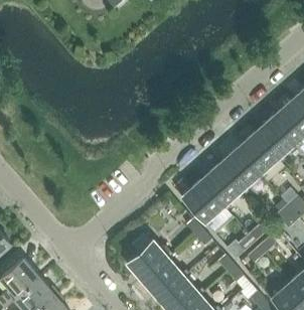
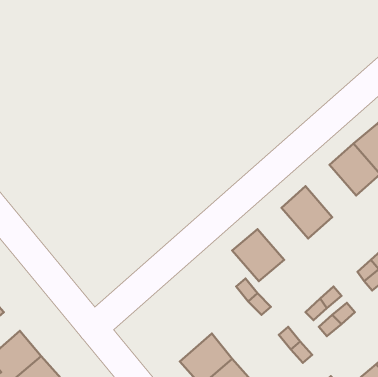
building: [239,133,277,172] -> none
building: [202,165,241,204] -> none
building: [128,242,174,281] -> none

